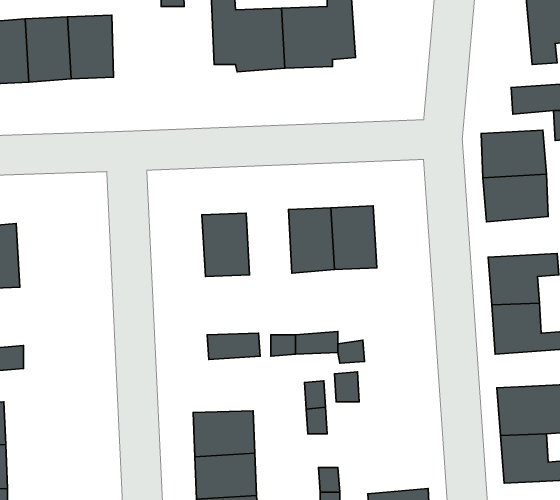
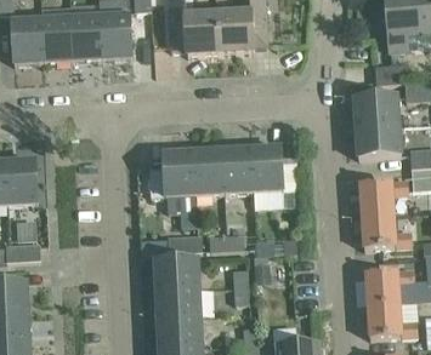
building: none -> [100,13,131,58]
building: none -> [192,149,223,194]
building: none -> [153,258,197,288]

